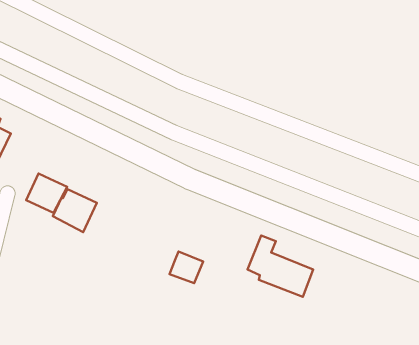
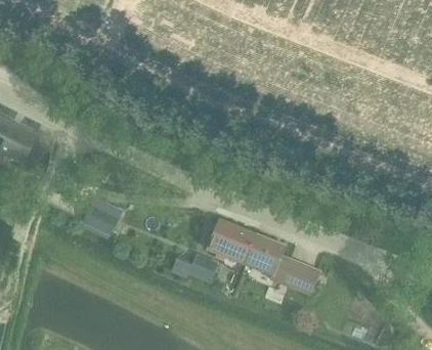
building: [26,173,67,213] -> none
building: none -> [207,219,270,270]

